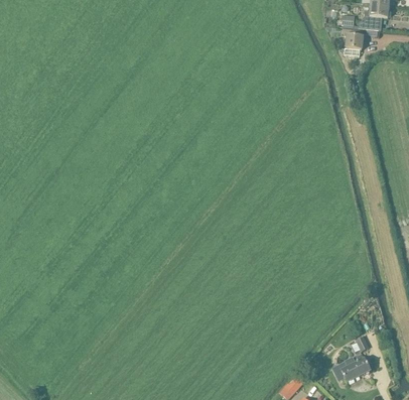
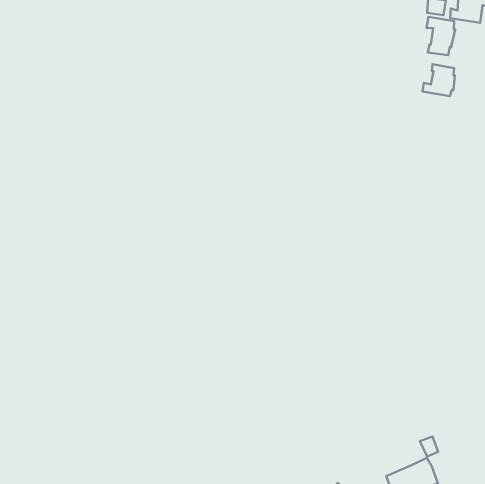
building: none -> [423,64,455,96]

